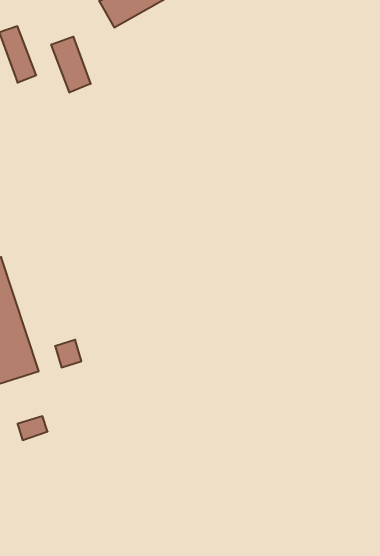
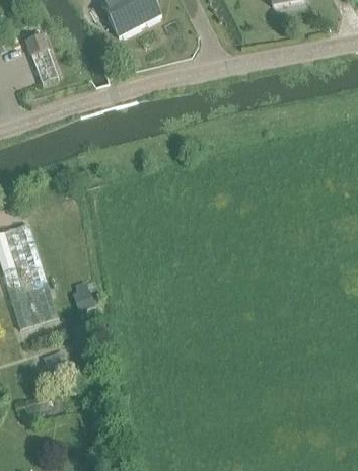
building: [51,37,91,93] -> none

